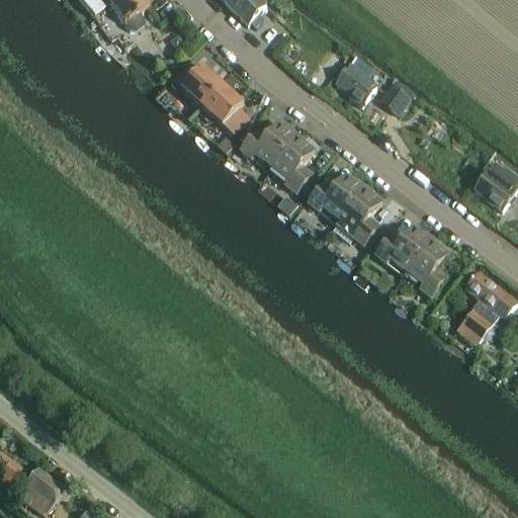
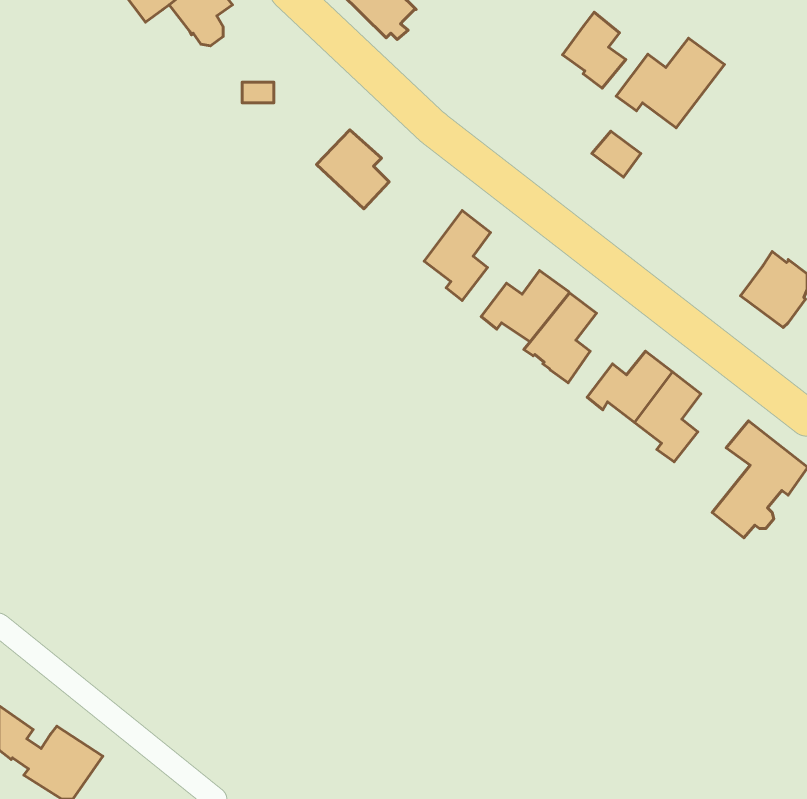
building: none -> [616,38,724,128]
building: [335,56,375,104] -> [563,12,626,88]
building: [172,61,224,105] -> none
building: [240,121,295,167] -> none

